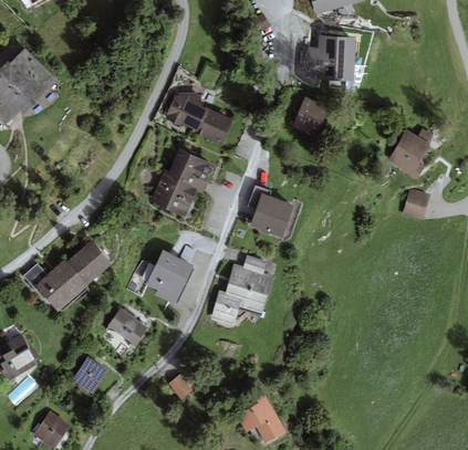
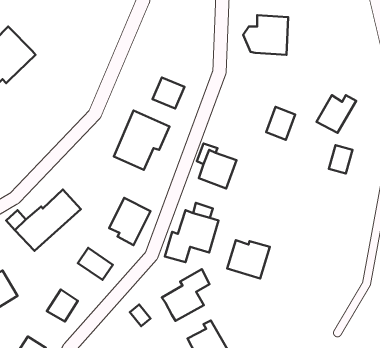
building: [165,93,208,133] -> none
building: [294,96,329,135] -> [266,107,295,140]
building: none -> [227,240,270,278]
building: none -> [162,269,209,321]

